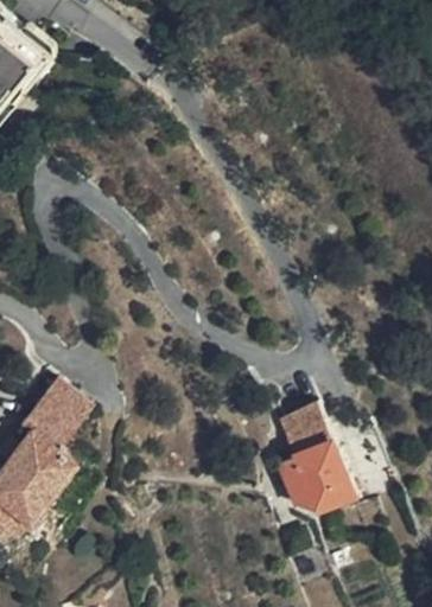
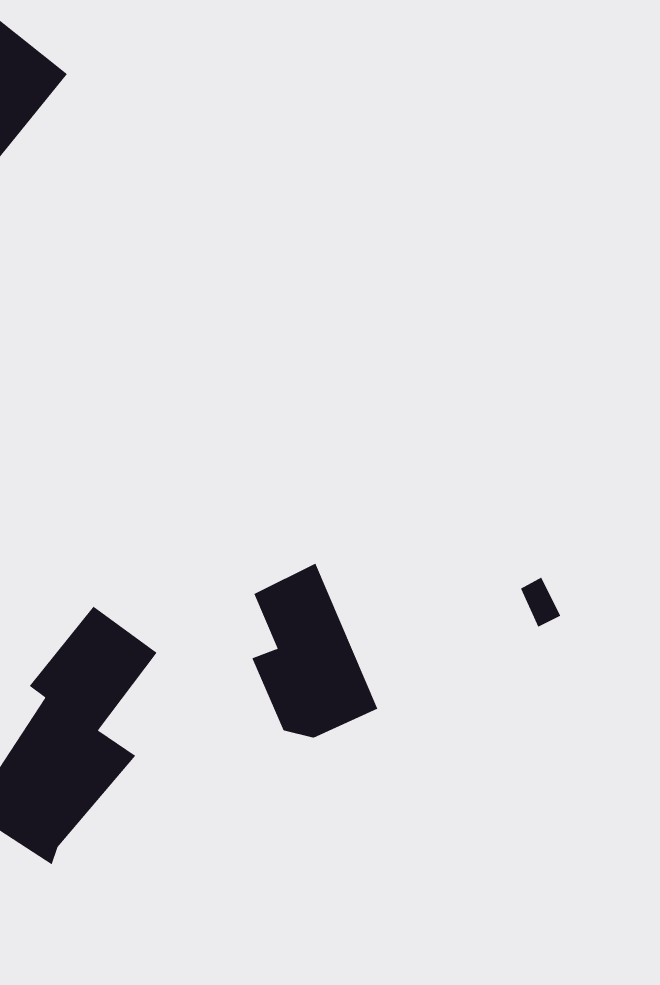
building: [277,401,354,507] -> [251,563,378,738]

